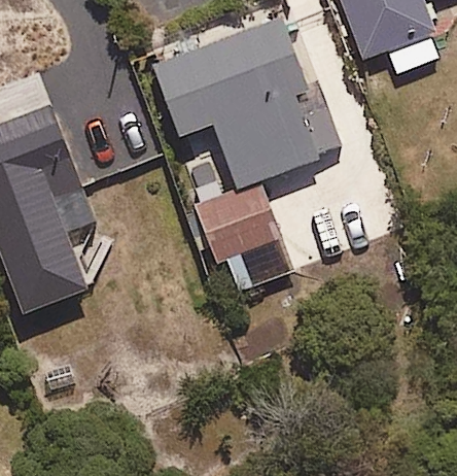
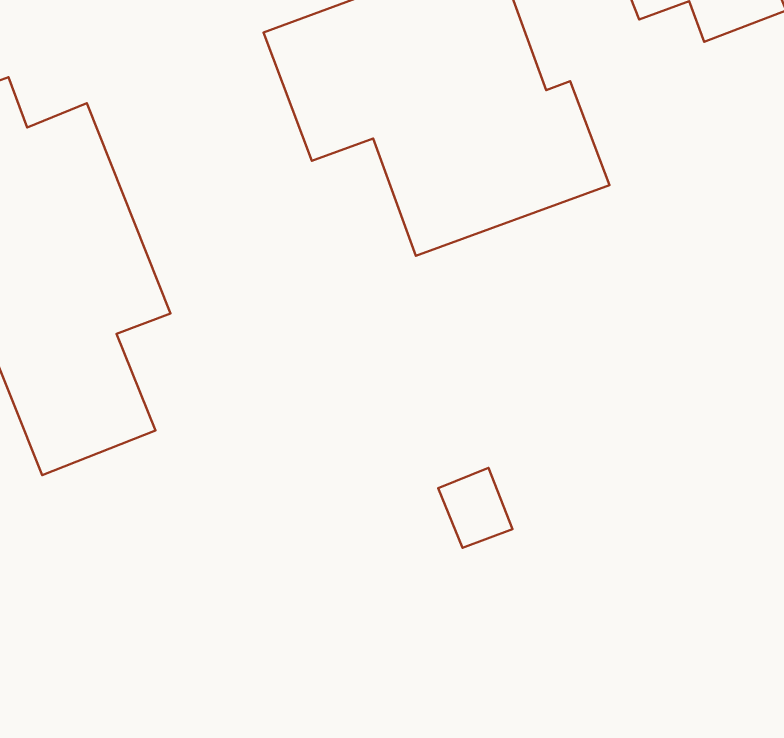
building: [195,185,291,284] -> none

